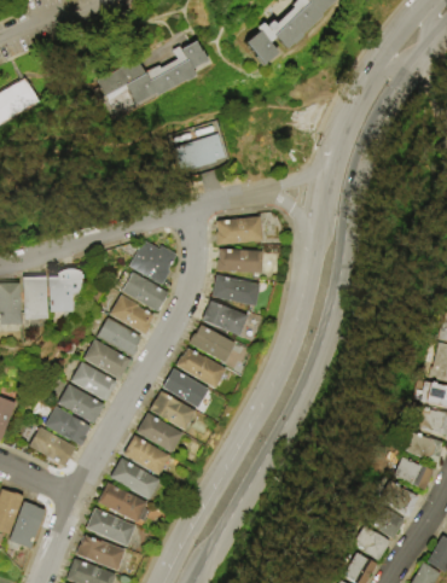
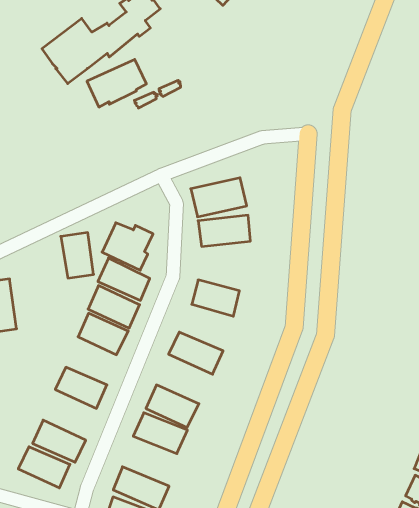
building: [178,133,230,170] -> [87,59,146,107]
building: [211,275,259,308] -> none
building: [47,278,71,315] -> [61,233,94,278]
building: [191,326,233,361] -> none
building: [85,340,129,379] -> none
building: [161,367,208,408] -> none
building: [58,384,104,424] -> none
building: [122,433,169,474] -> none

